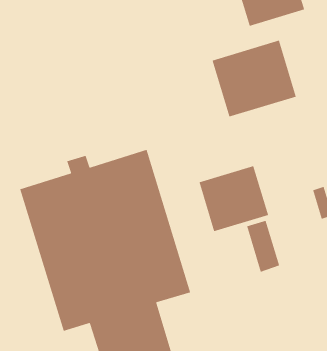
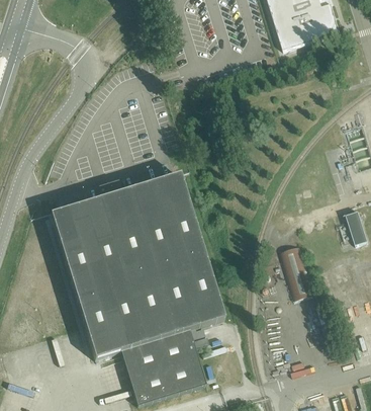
building: [211,39,297,118] -> none
building: [199,165,269,232] -> none

